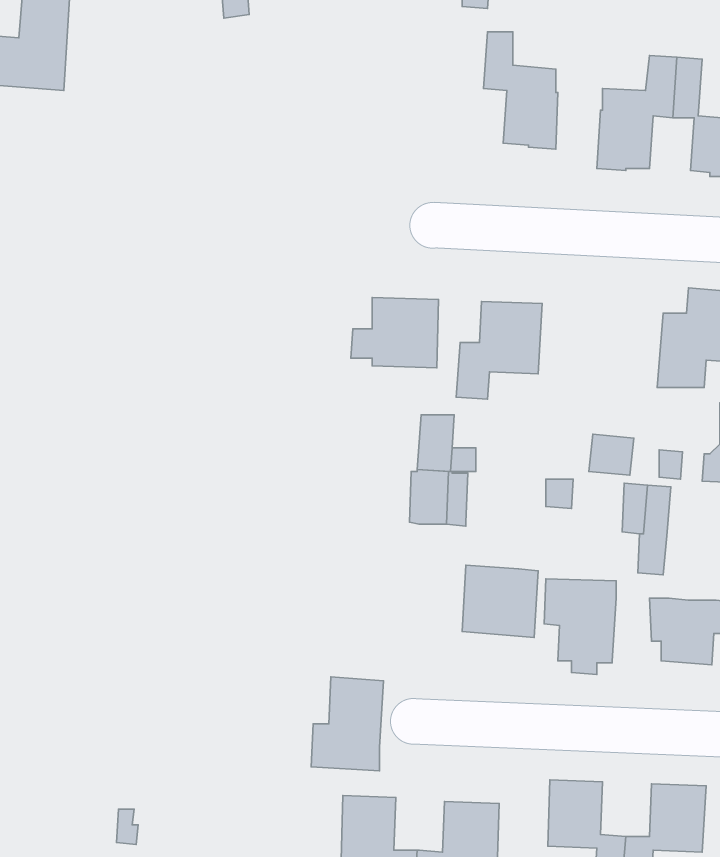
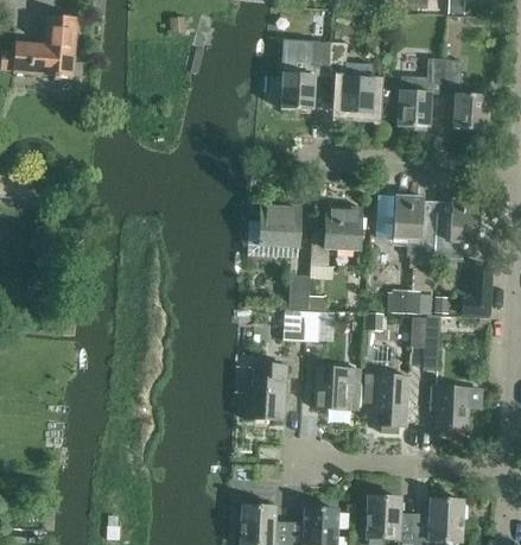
building: none -> [280,34,330,109]
building: none -> [376,195,437,267]
building: [311,677,383,771] -> [242,362,286,419]

